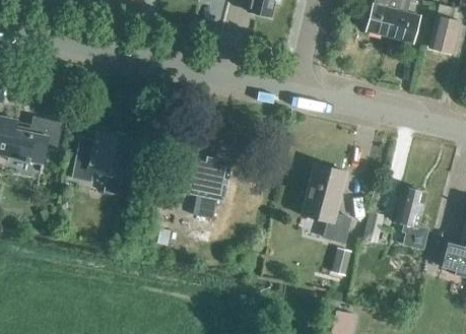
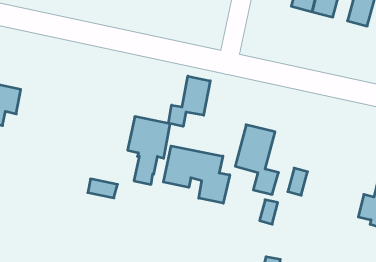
building: none -> [169,76,210,126]
building: [71,131,130,195] -> none
building: [394,186,427,249] -> none
building: none -> [163,146,230,203]

